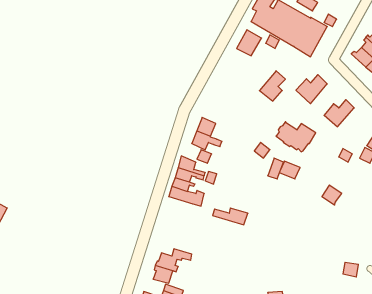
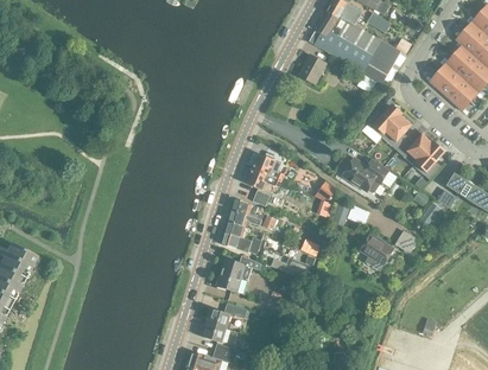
building: [259,71,285,101] -> [381,115,411,149]
building: none -> [412,142,443,179]
building: none -> [360,234,392,264]
building: none -> [216,255,261,293]

